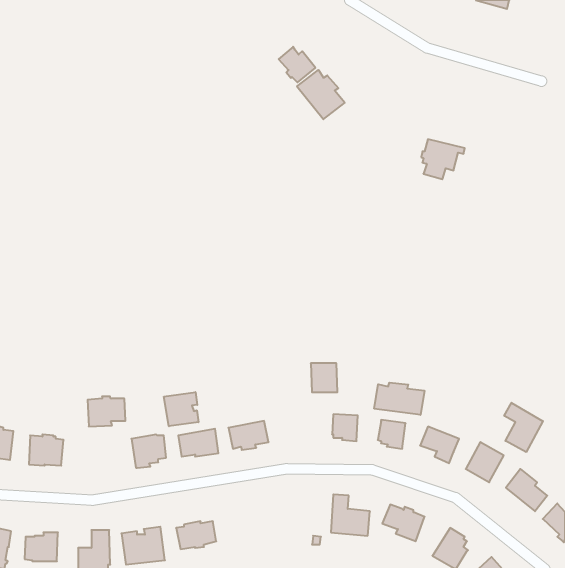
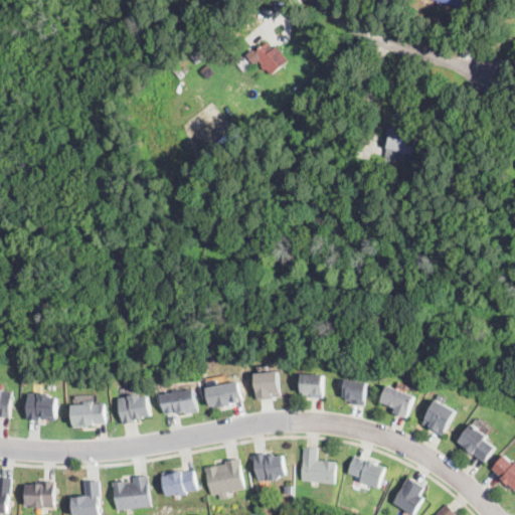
building: [297,70,345,119] -> none
building: [311,363,337,392] -> [254,372,279,398]
building: [374,383,424,415] -> none
building: [164,392,198,426] -> none
building: [88,396,125,426] -> [72,400,107,427]
building: [504,403,543,452] -> none
building: none -> [250,453,284,484]
building: none -> [201,459,242,497]

